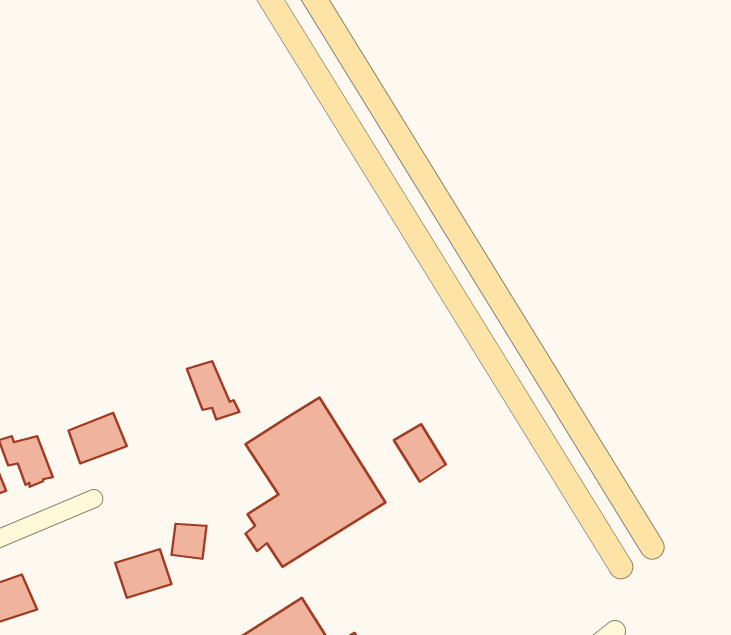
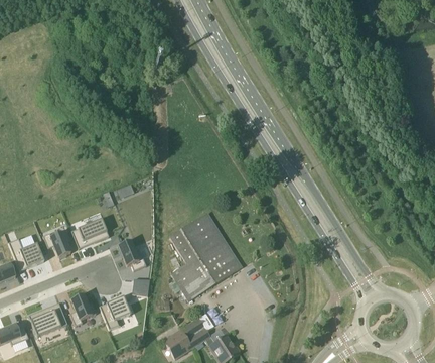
building: [187,361,239,419] -> [119,237,146,267]
building: [394,424,446,482] -> none
building: none -> [72,298,95,329]

